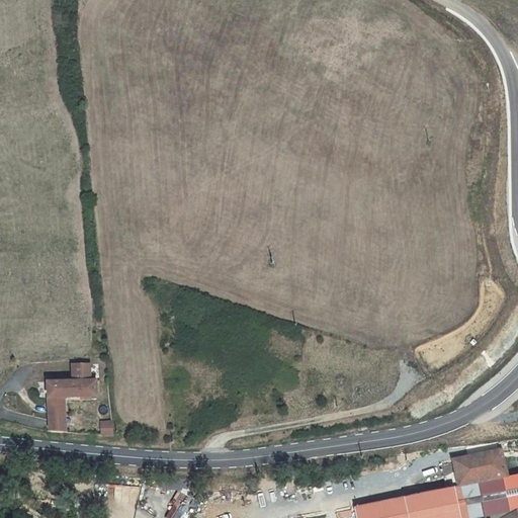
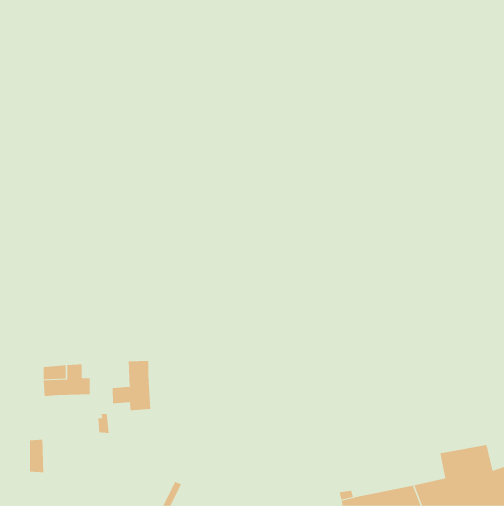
building: none -> [112,360,151,411]
building: [49,403,64,437] -> [29,439,44,473]

